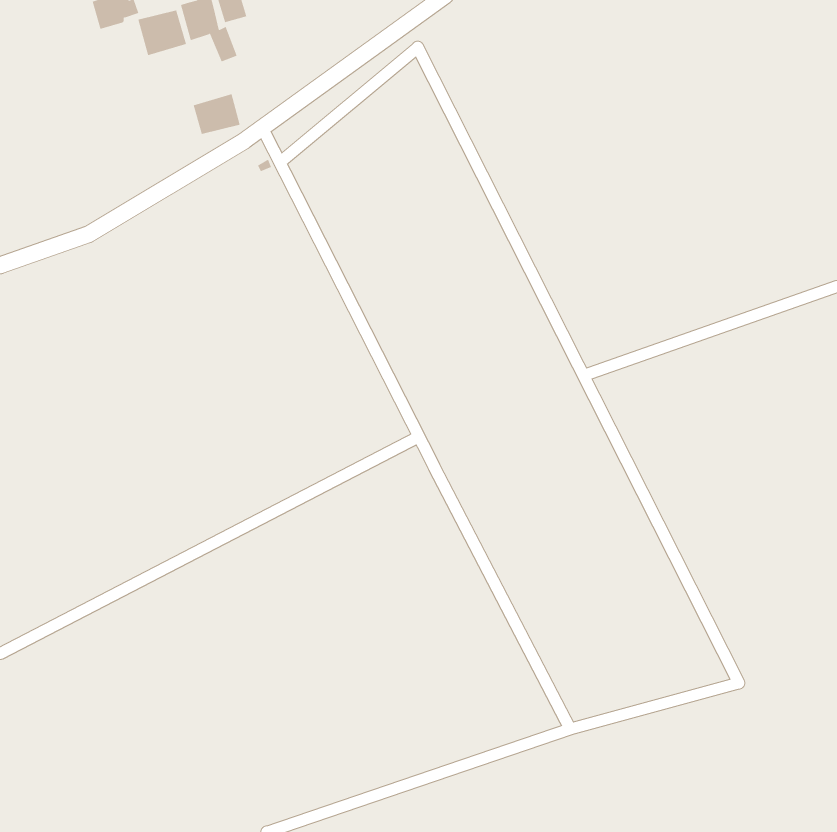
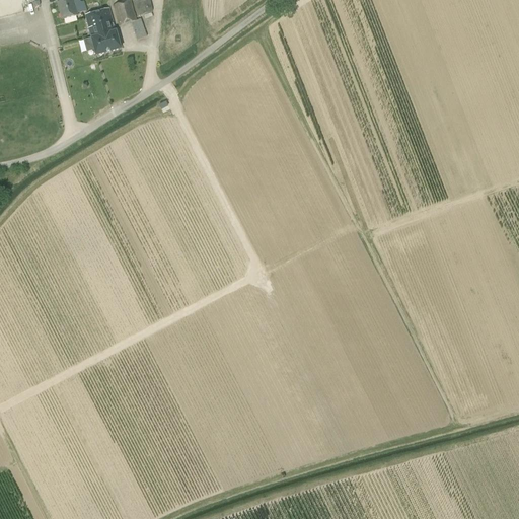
building: [193,94,240,135] -> [91,27,121,53]

